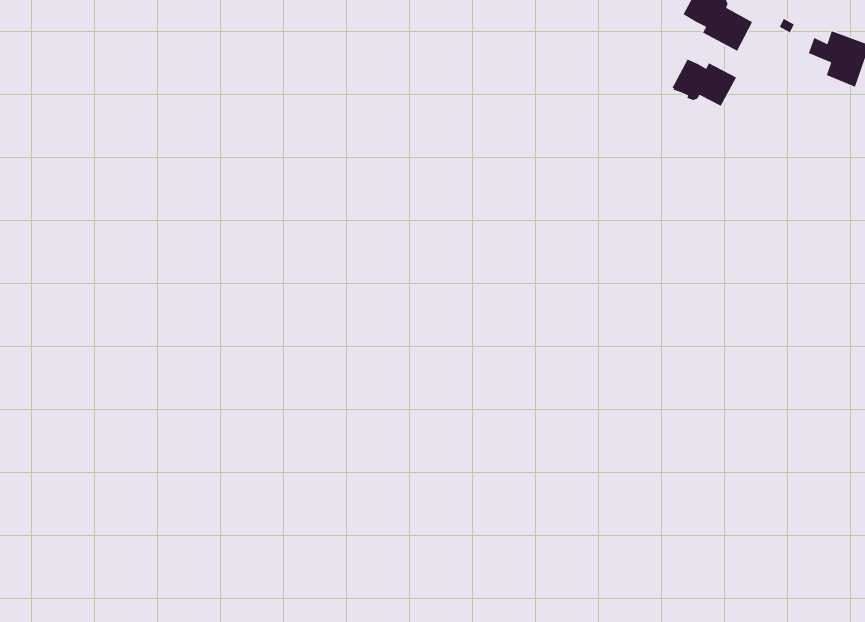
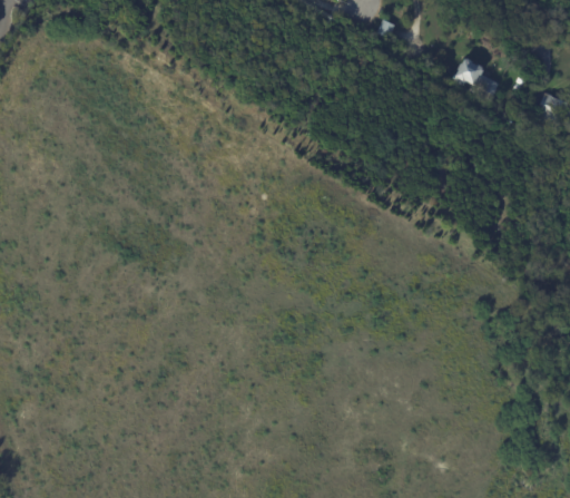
building: [671,59,737,107] -> none

